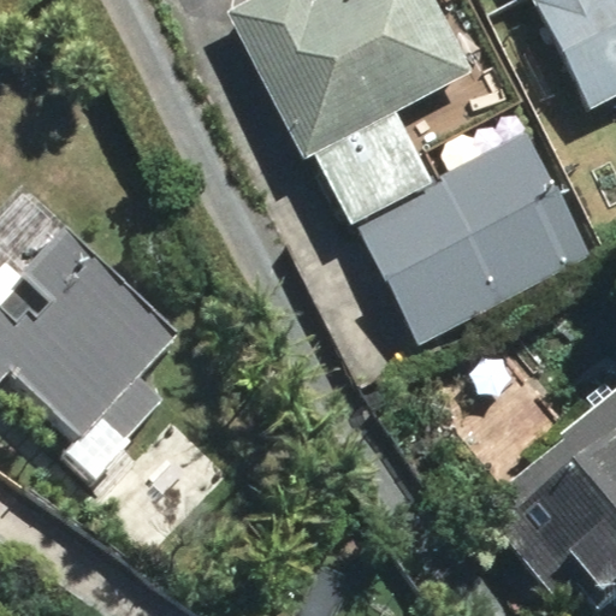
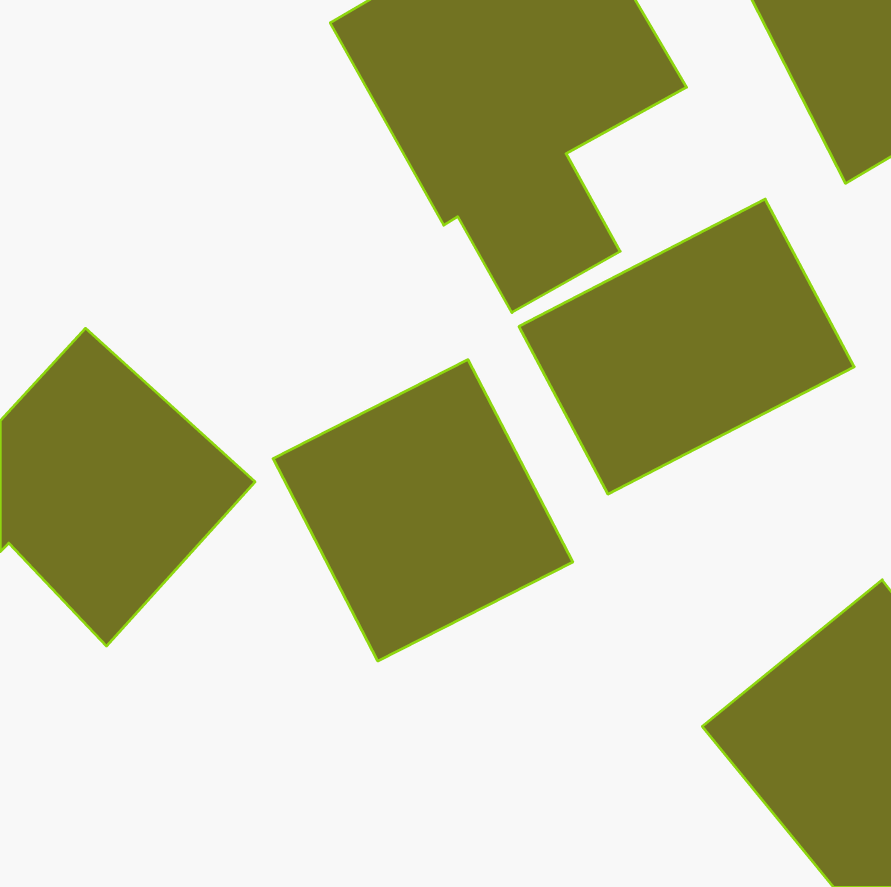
building: none -> [273,360,573,661]

